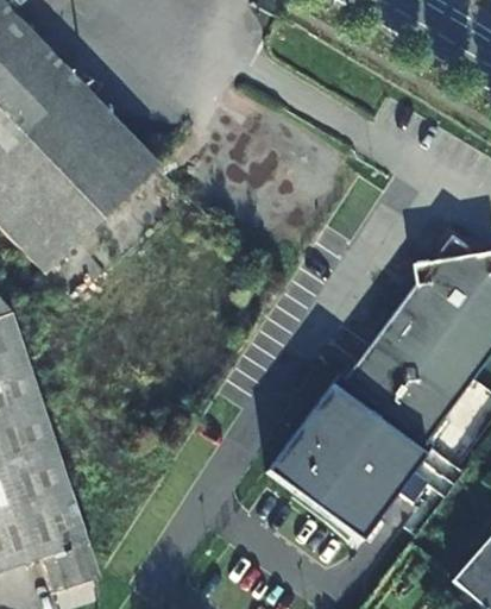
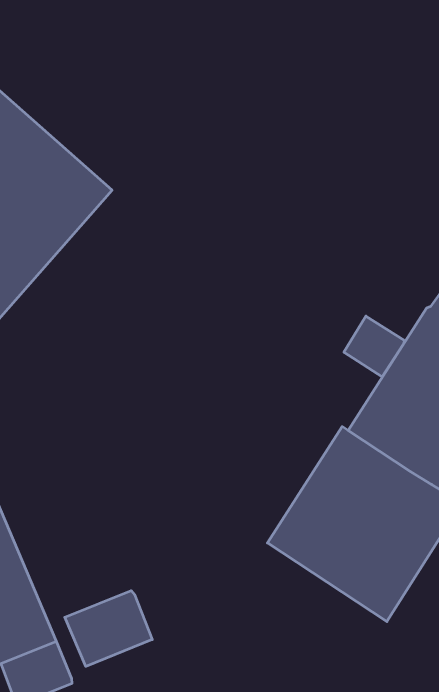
building: none -> [344,316,404,377]
building: none -> [65,591,152,666]

